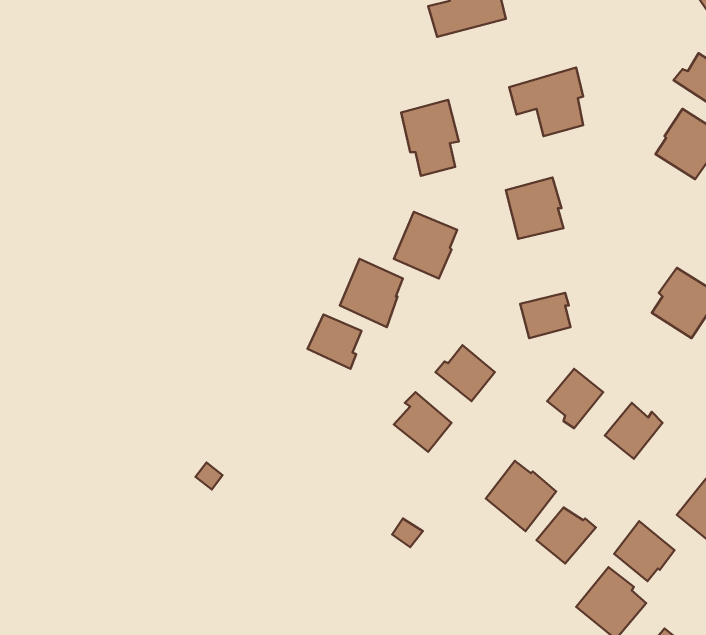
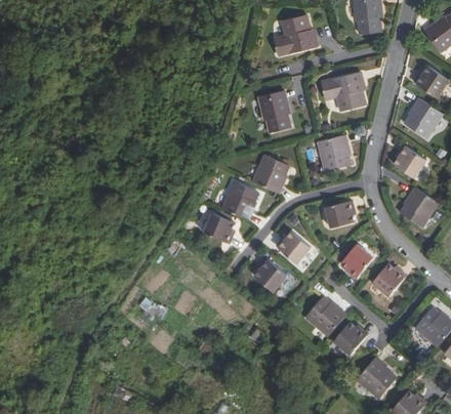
building: none -> [393,143,424,176]
building: [614,521,674,581] -> none

